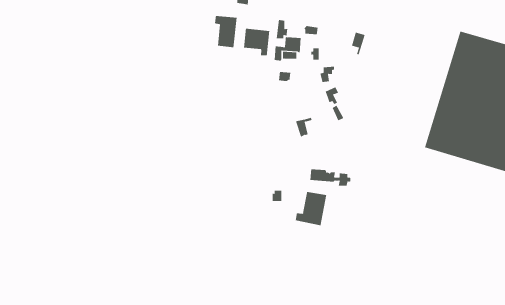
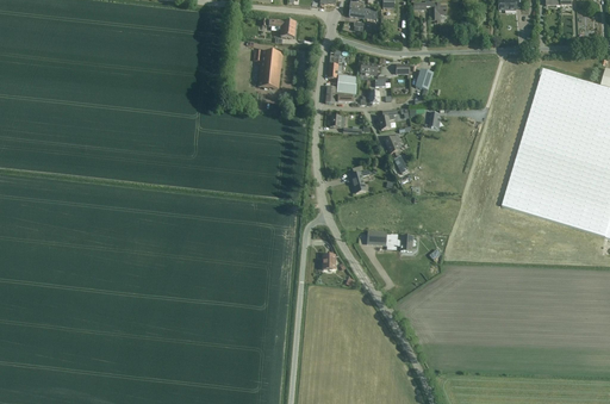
building: [244,28,270,56] -> none
building: [295,191,327,226] -> none

